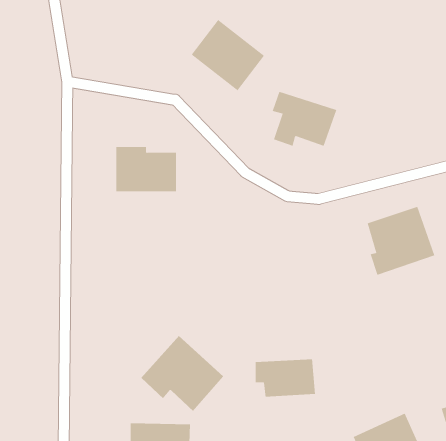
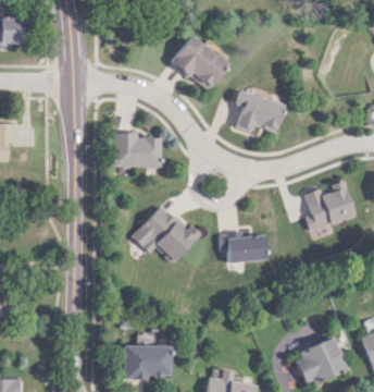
building: [141,335,224,412] -> [133,205,197,264]
building: [255,359,316,397] -> [222,233,269,262]

